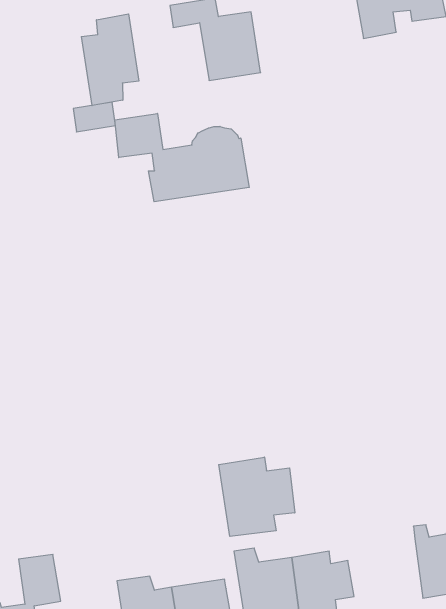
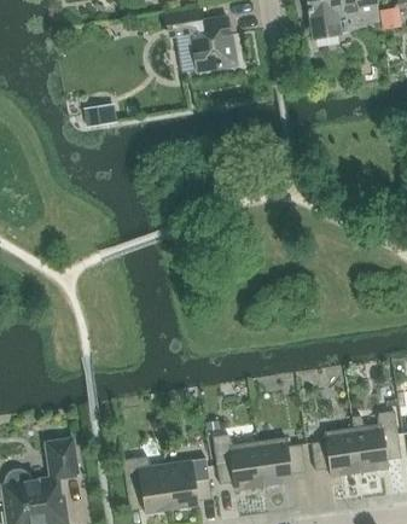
building: [81,14,139,106] -> none
building: [115,113,249,202] -> none
building: [219,457,295,536] -> none
building: none -> [312,427,360,477]

